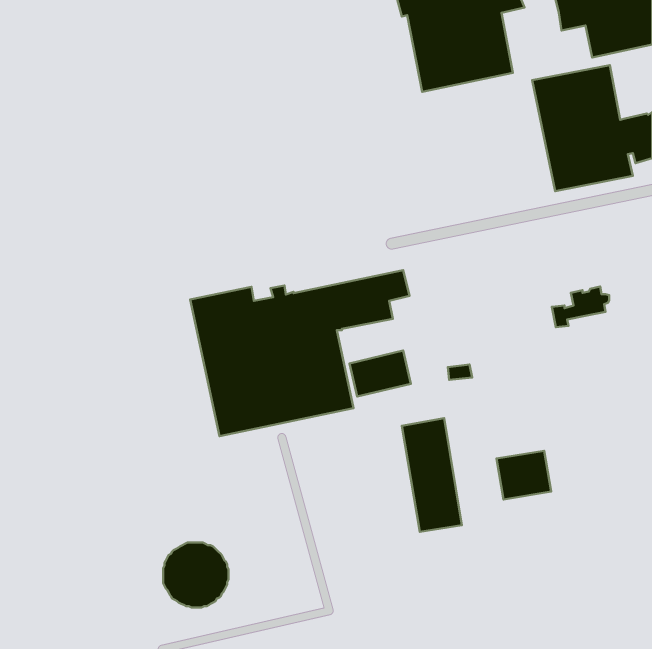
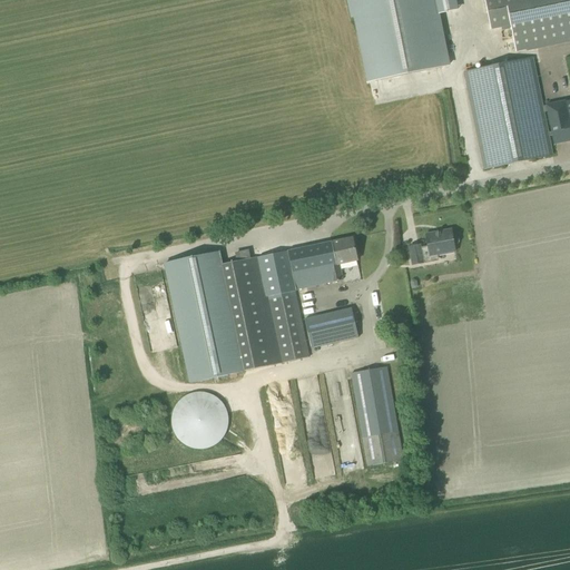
building: [552,286,609,327] -> [409,227,459,263]
building: [496,451,551,500] -> none
building: [163,543,228,608] -> [171,391,228,448]

